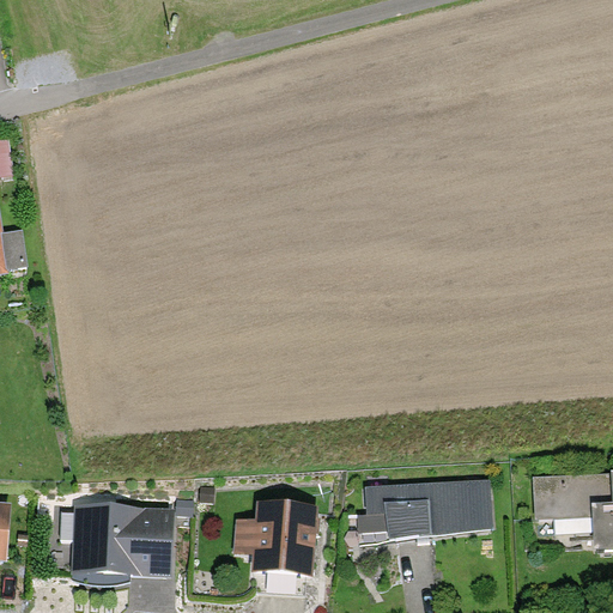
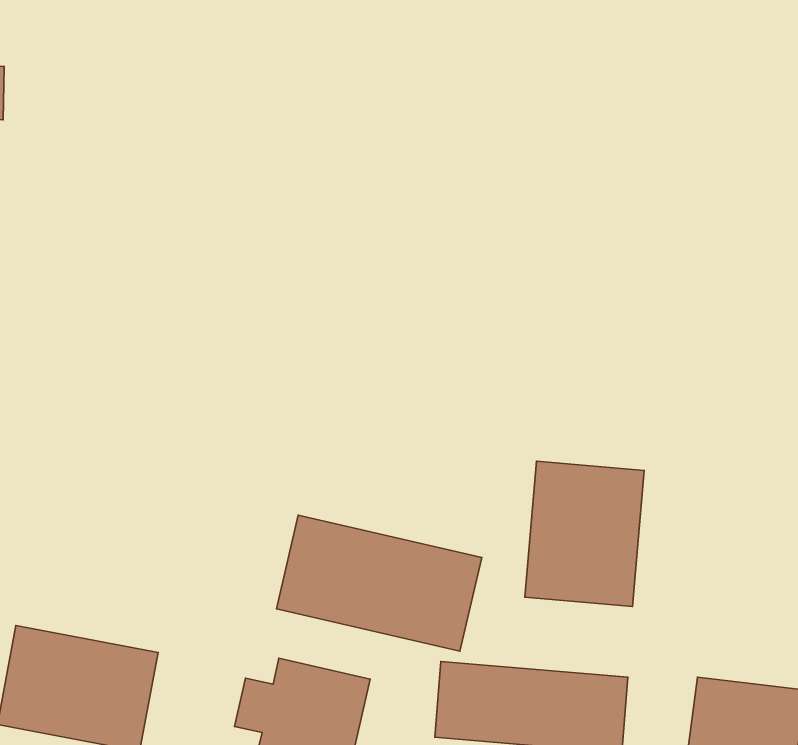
building: none -> [525,461,644,606]
building: none -> [276,515,482,651]

